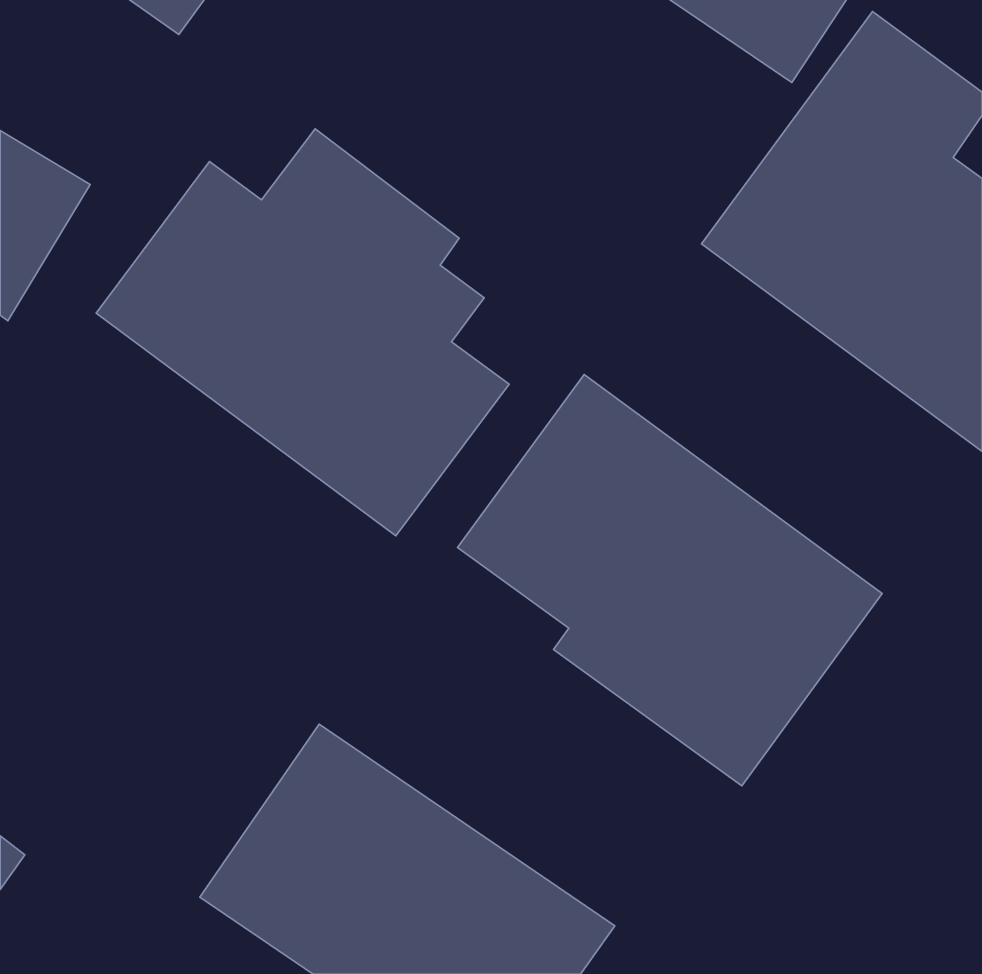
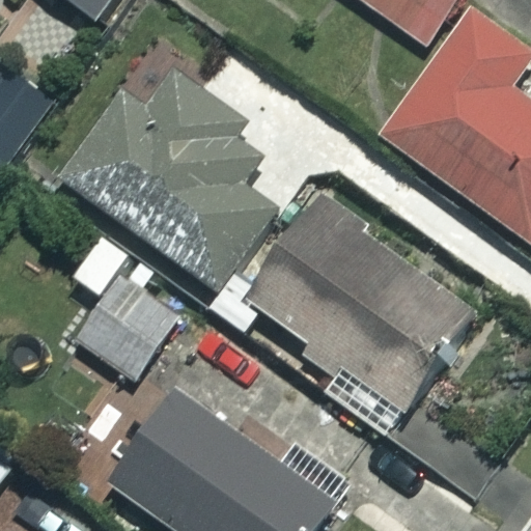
building: none -> [77,268,184,379]

